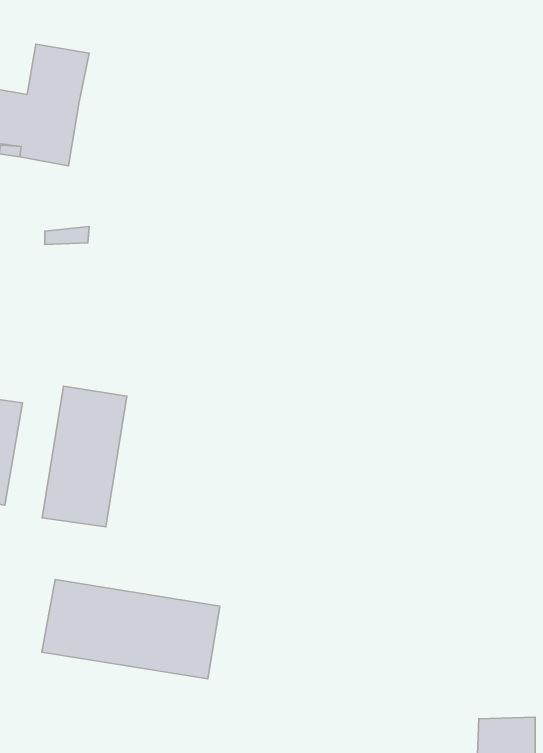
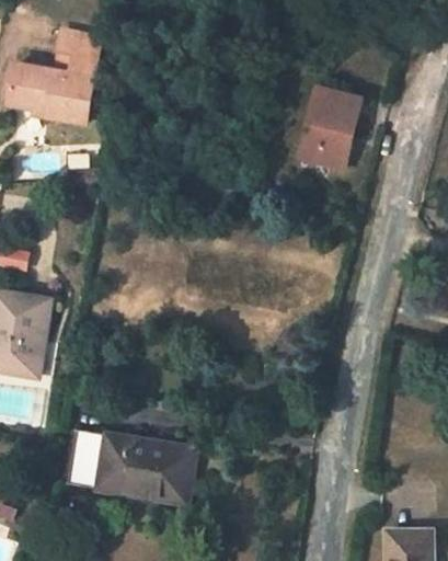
building: none -> [300,88,361,169]
building: [42,386,127,527] -> none

